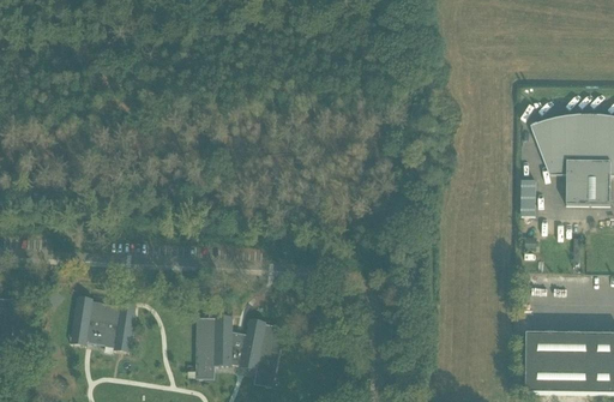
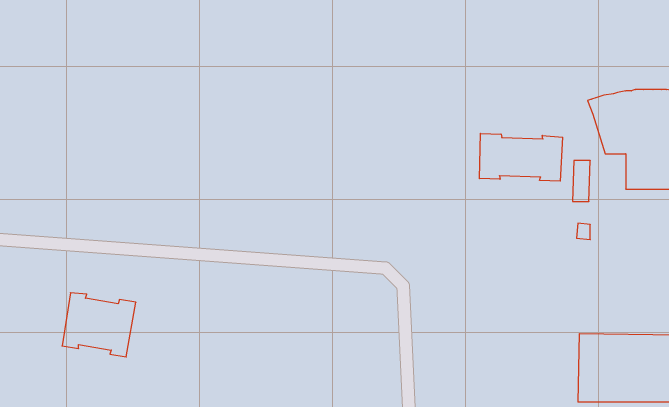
building: none -> [479,133,563,181]
building: [194,314,283,386] -> none

